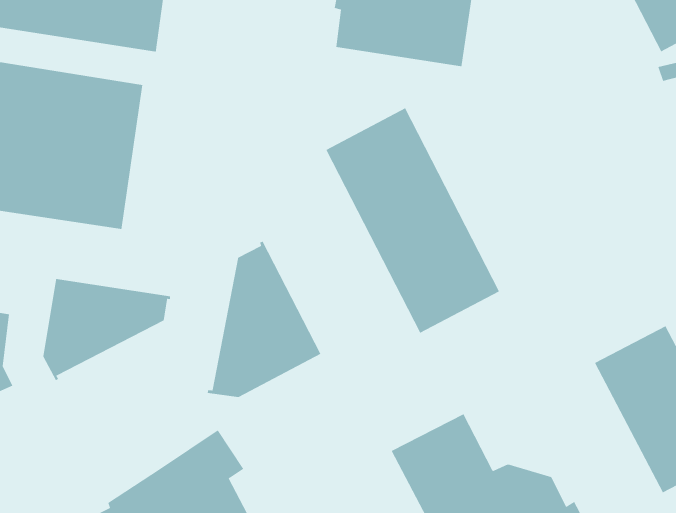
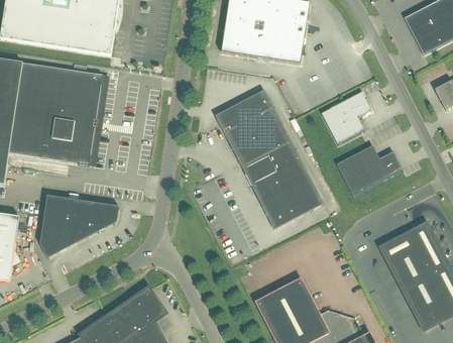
building: none -> [321,91,371,144]
building: none -> [336,144,404,195]
building: [207,241,321,398] -> none

